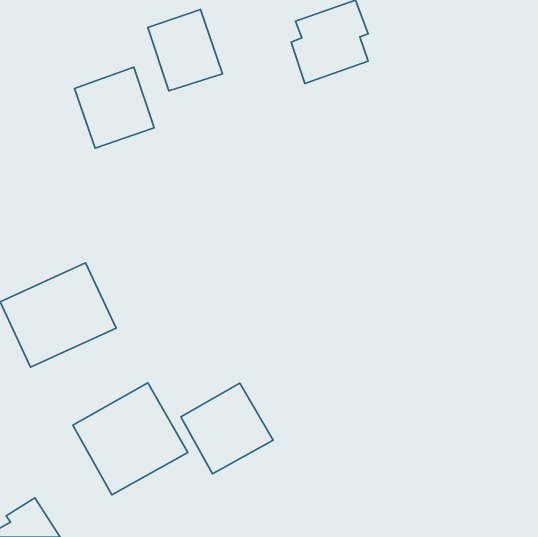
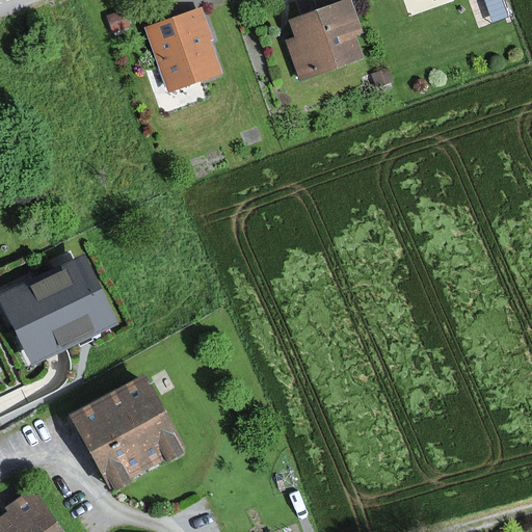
building: [74,67,154,148] -> none
building: [181,383,273,474] -> none

